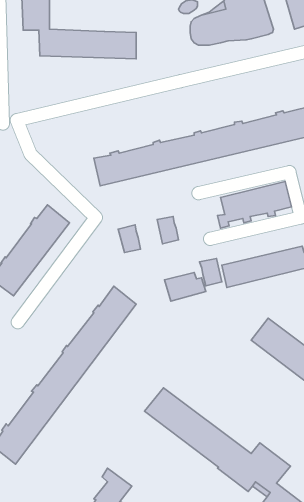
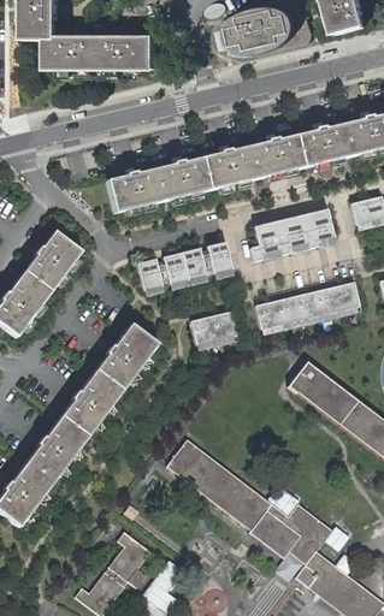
building: none -> [161,250,187,282]
building: [200,258,222,286] -> [205,241,230,272]

